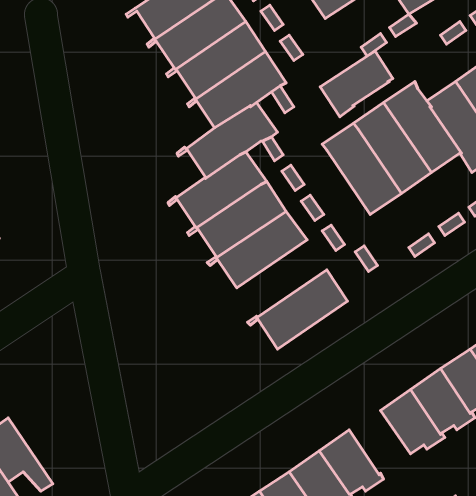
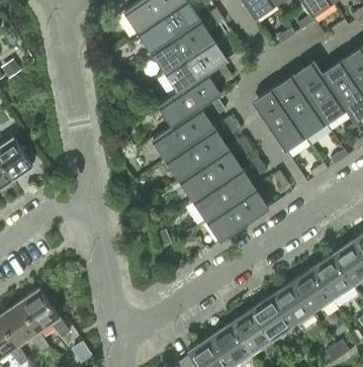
building: [320,51,393,117] -> none
building: none -> [188,168,255,220]
building: none -> [270,283,314,327]

